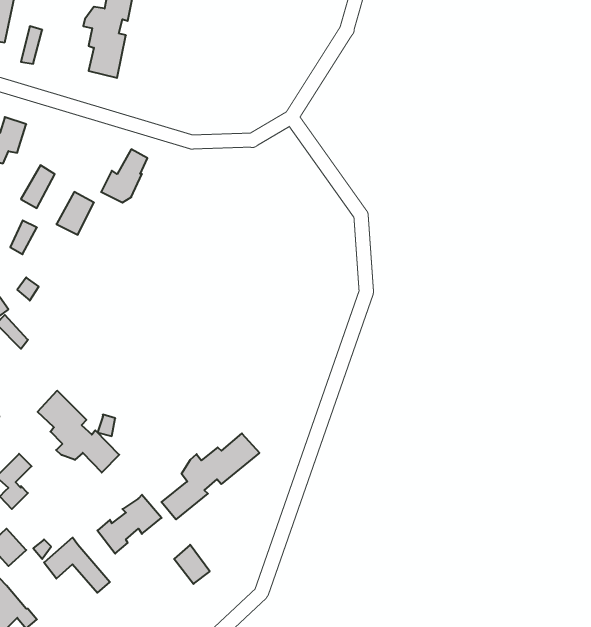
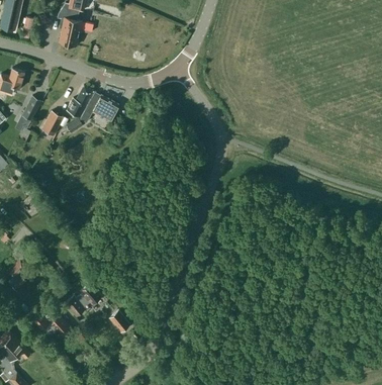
building: none -> [67,92,119,132]
building: [38,391,119,473] -> none
building: [161,433,259,519] -> none

